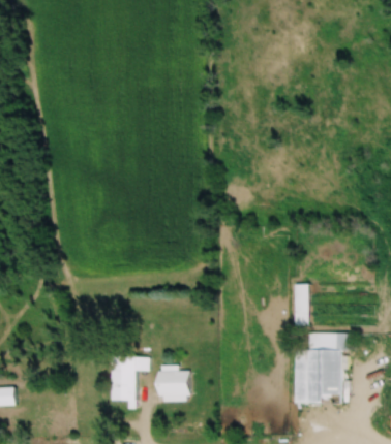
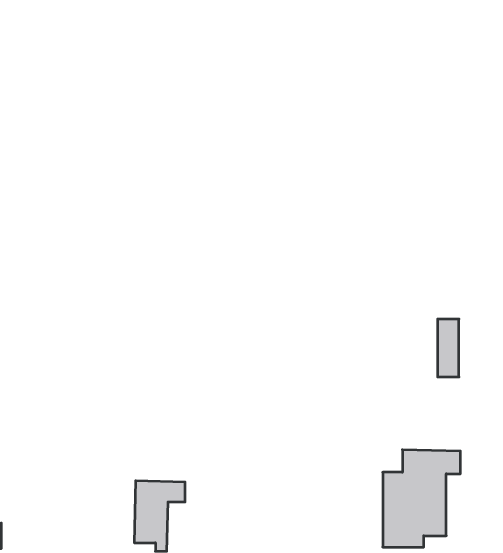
building: [294,283,309,325] -> [438,319,459,377]
building: [158,366,189,401] -> none

